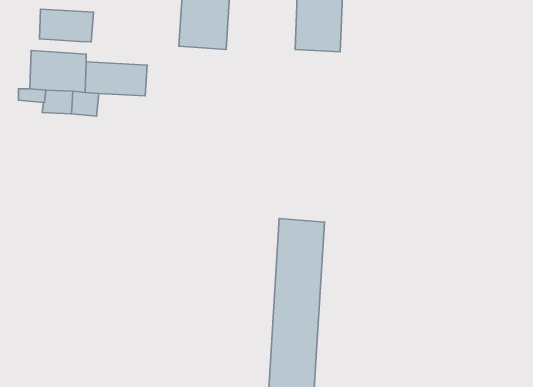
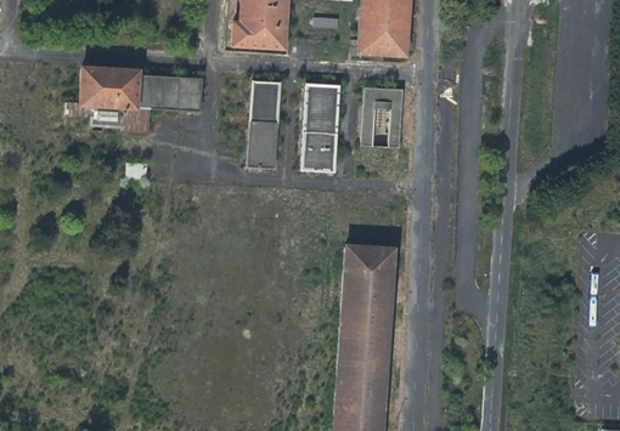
building: [39,9,93,42] -> none
building: none -> [247,78,281,168]
building: none -> [300,80,338,171]
building: none -> [362,86,404,148]

